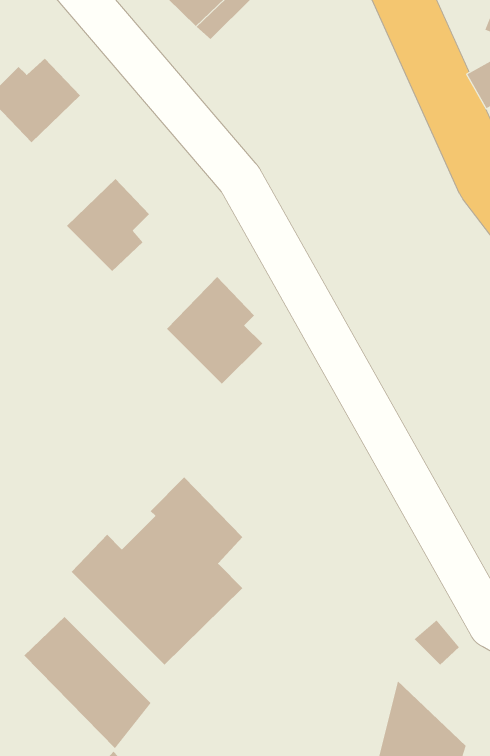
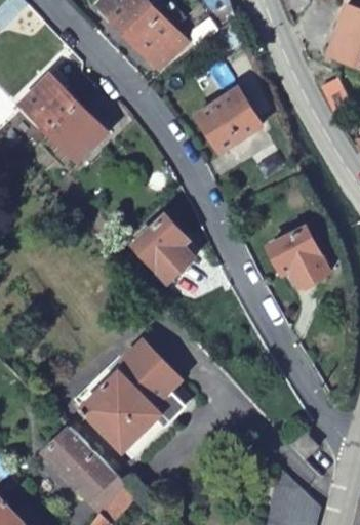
building: none -> [193,86,262,148]
building: [66,178,150,272] -> [48,103,101,161]
building: none -> [266,226,328,286]

